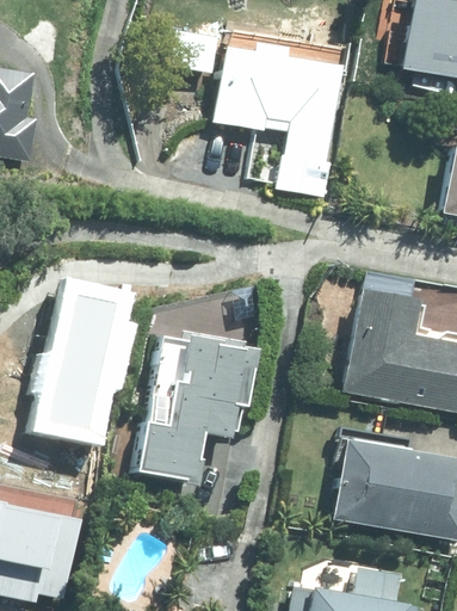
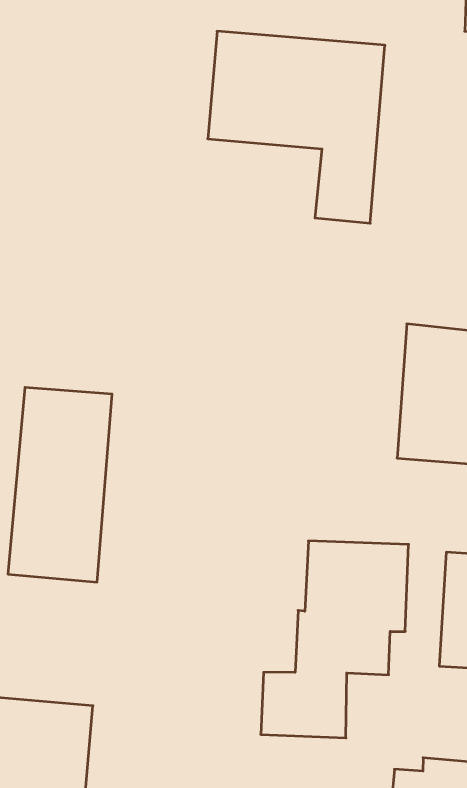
building: [140,334,261,479] -> [261,541,409,738]

